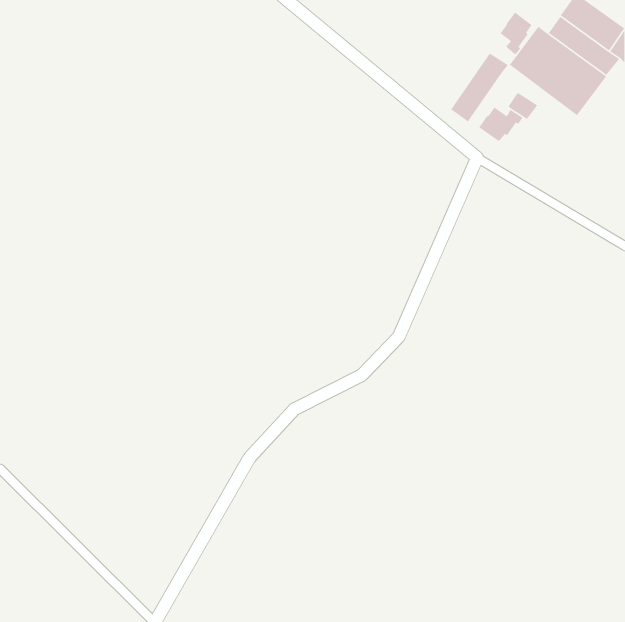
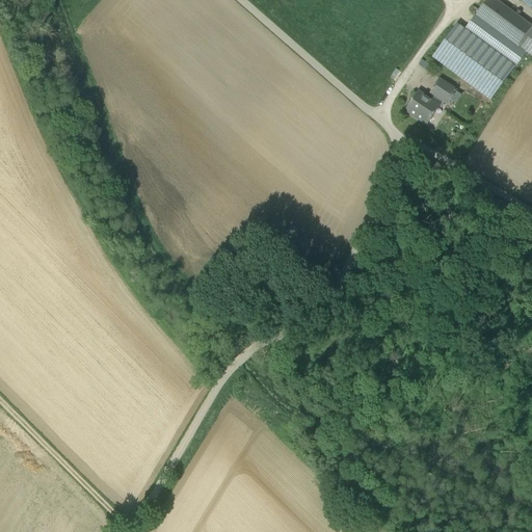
building: [500,12,532,56] -> none
building: [450,52,509,122] -> none

